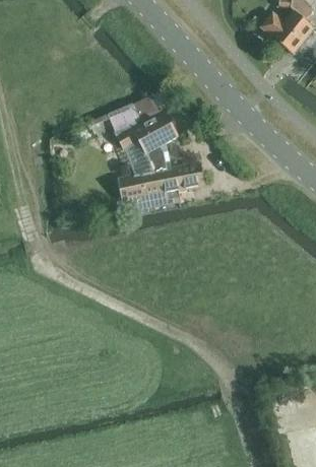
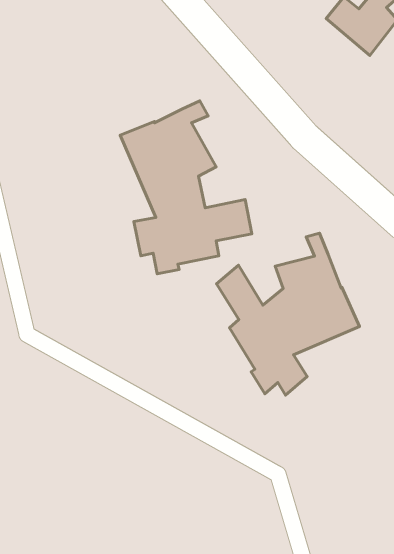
building: none -> [217,233,360,395]

